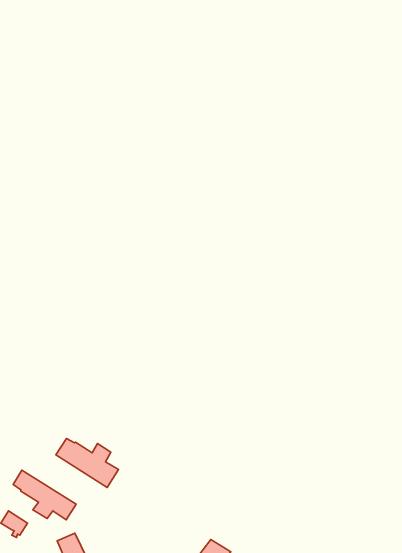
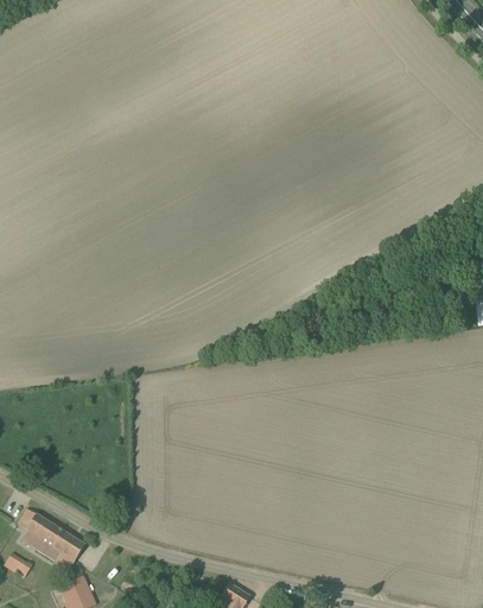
building: [56,439,119,487] -> none

